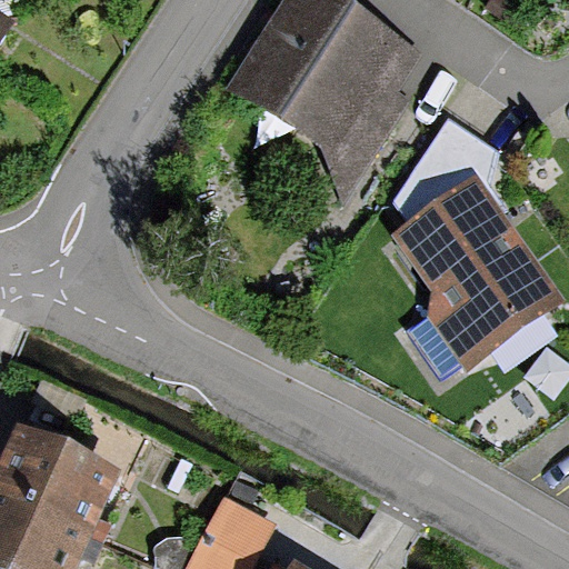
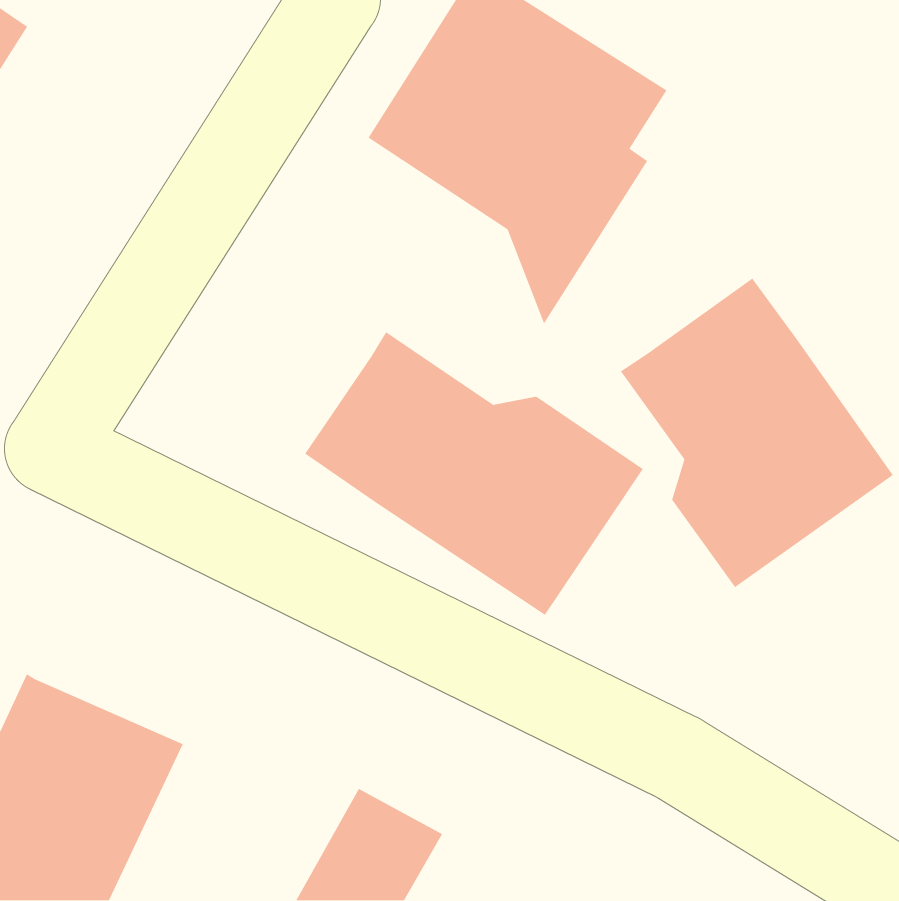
building: [393,118,506,222] -> none
building: none -> [304,331,644,616]

